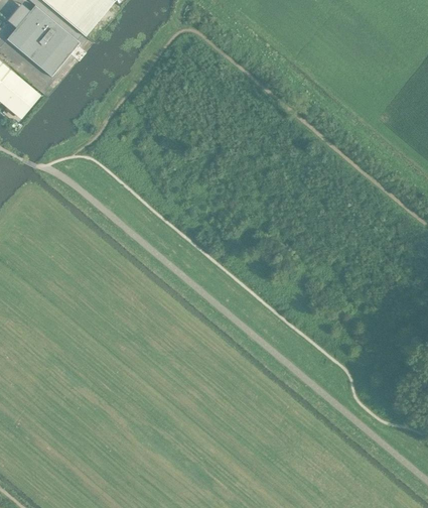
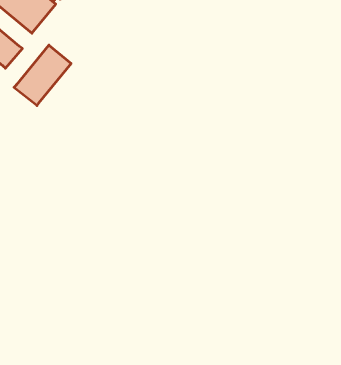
building: none -> [14,45,71,106]

